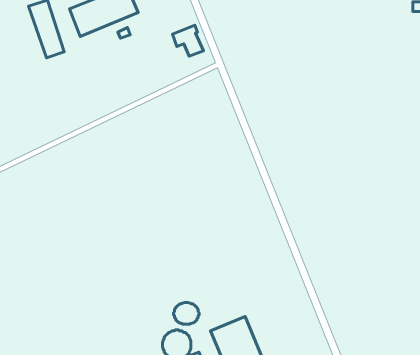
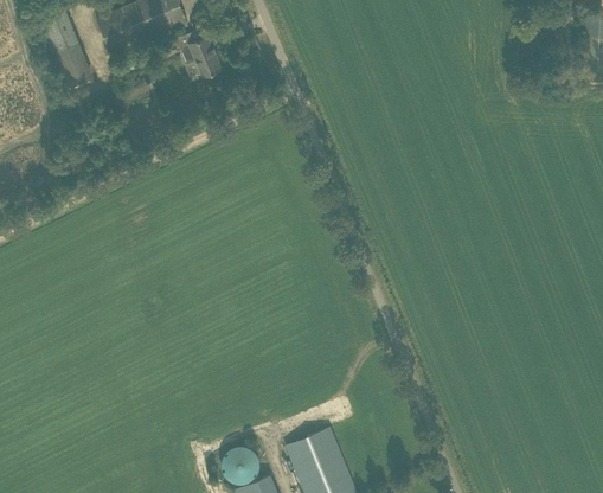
building: [172,25,204,56] -> [181,34,223,76]
building: [174,302,199,324] -> none

